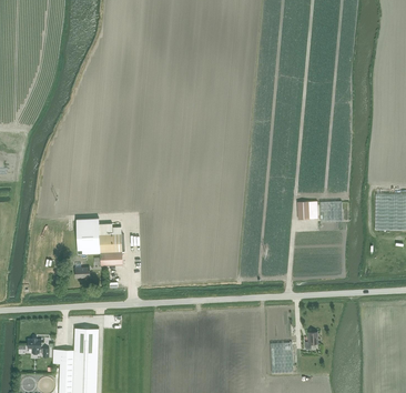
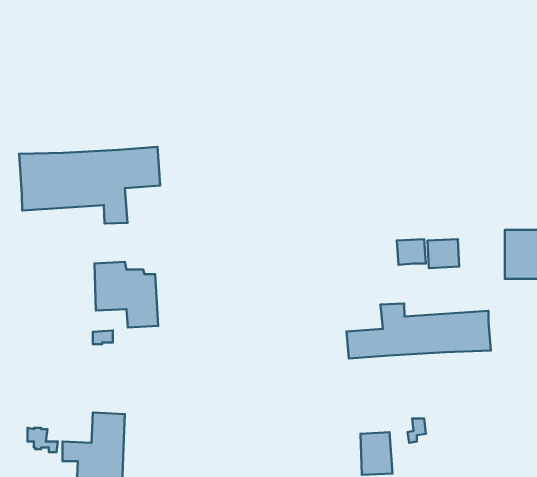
building: none -> [19,147,160,223]
building: none -> [346,304,491,358]

